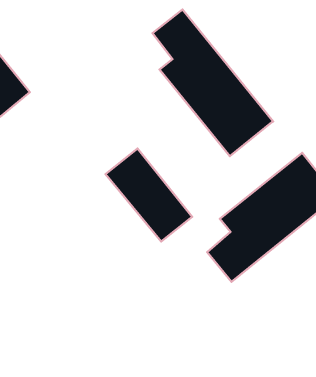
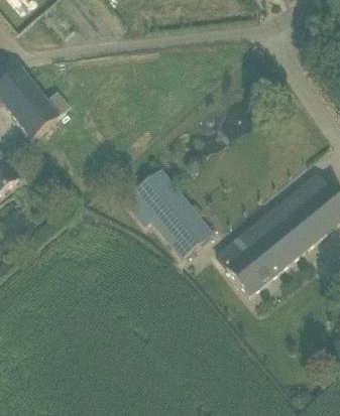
building: [152,9,273,156] -> none

